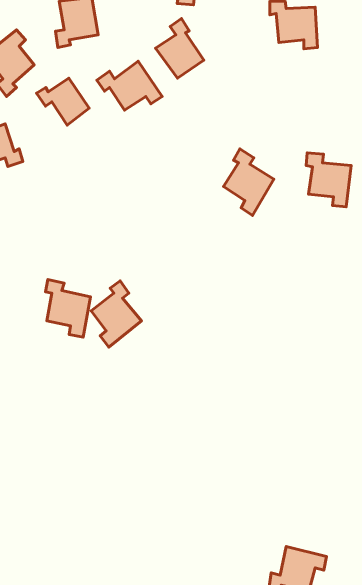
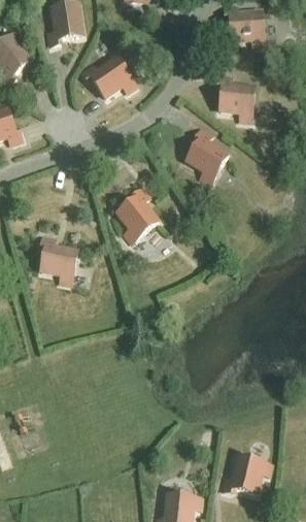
building: [155,19,204,78] -> none
building: [37,78,89,125] -> none
building: [306,153,351,207] -> [217,75,254,120]
building: [91,281,141,347] -> [117,187,159,241]

